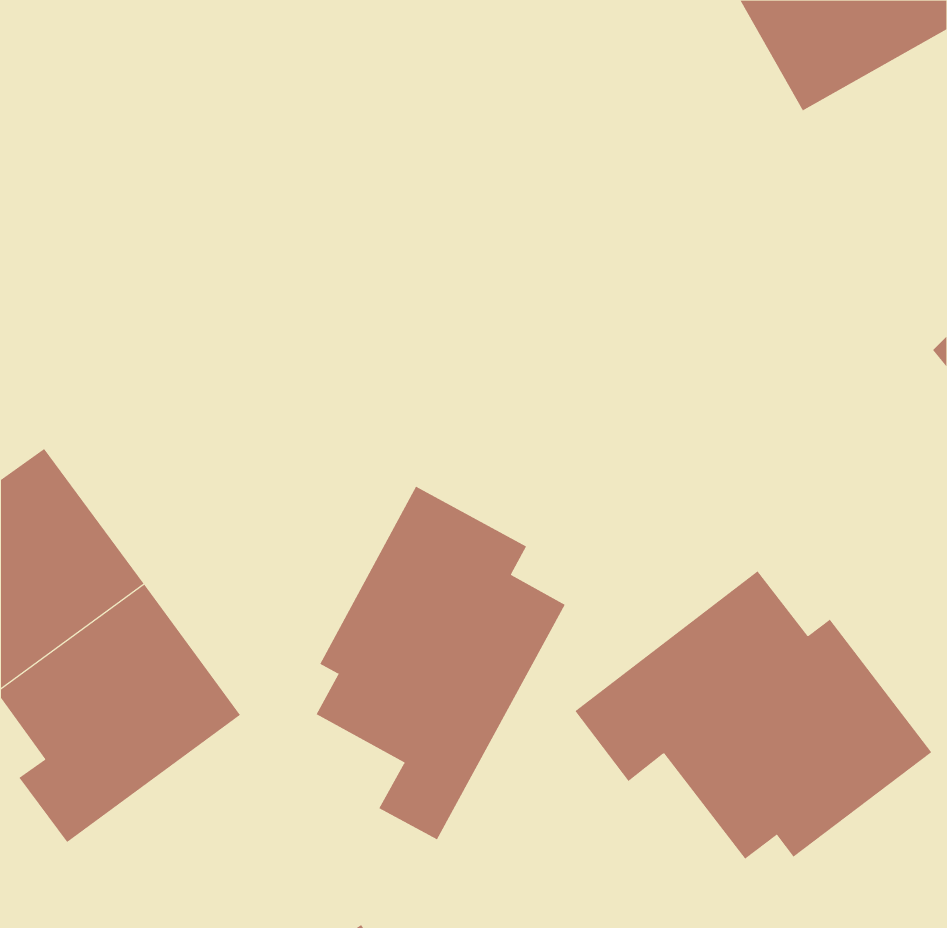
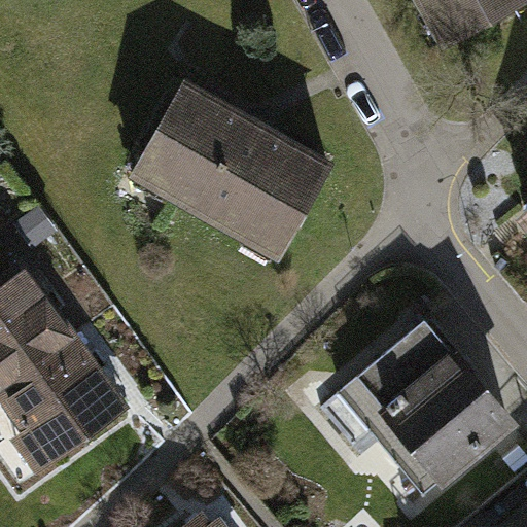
building: none -> [126,80,328,261]
building: [316,486,566,840] -> none

